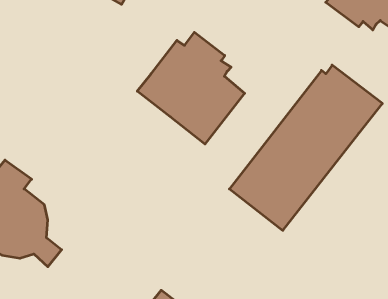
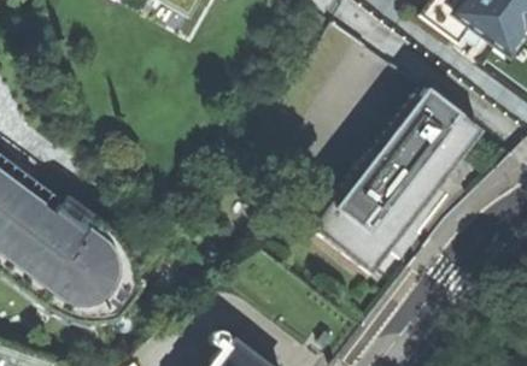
building: [137,32,245,144] -> none

